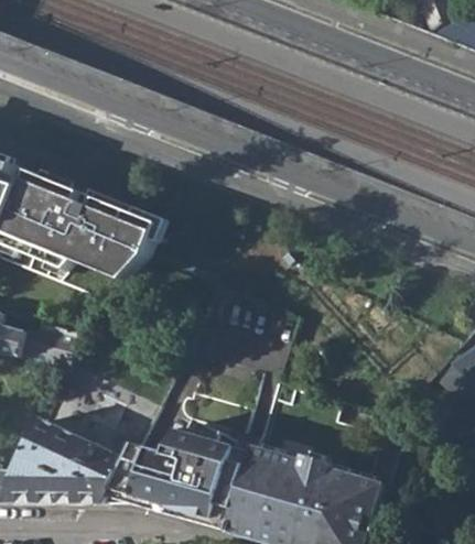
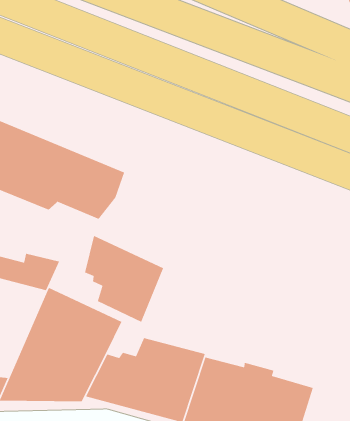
building: none -> [84,235,164,323]

